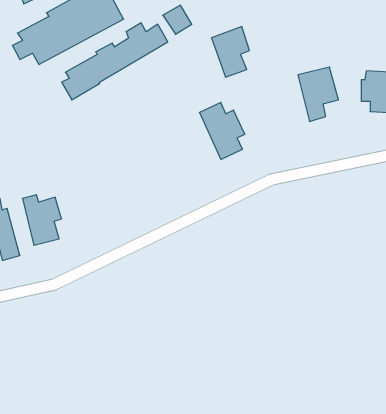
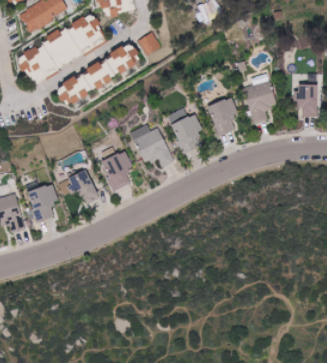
building: [211,26,249,77] -> [208,97,238,137]
building: none -> [131,126,173,168]
building: none -> [99,148,132,191]
building: none -> [58,170,100,204]

